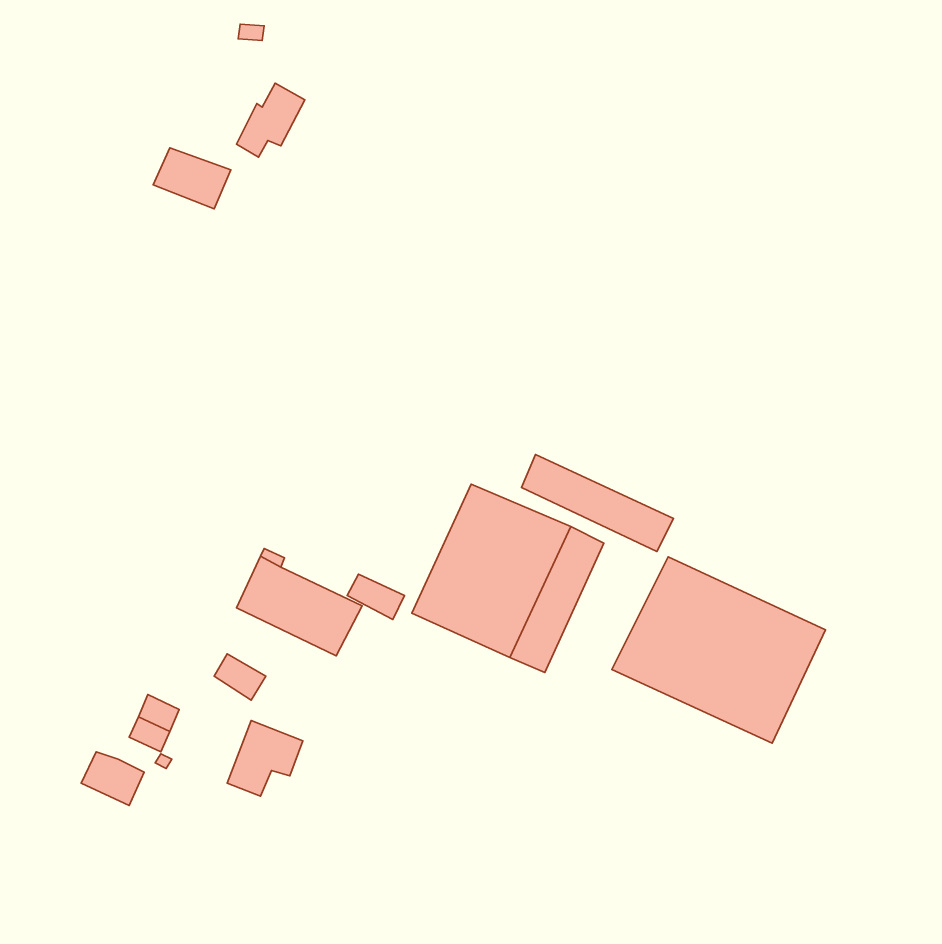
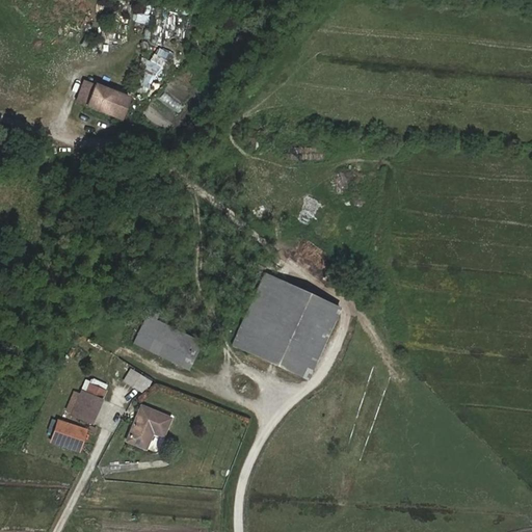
building: [521,454,674,551] -> none
building: [612,557,825,743] -> none
building: [347,574,404,619] -> none

